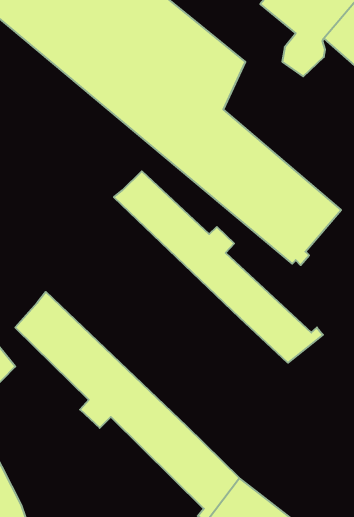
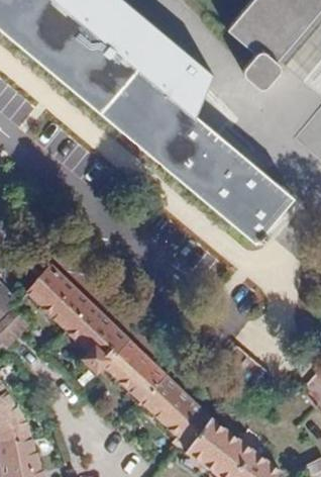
building: [114,171,323,363] -> none

